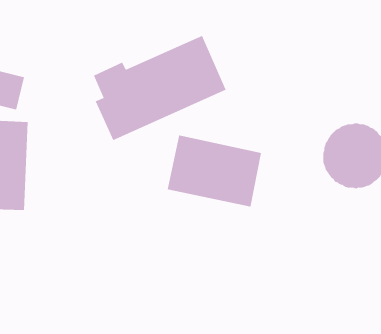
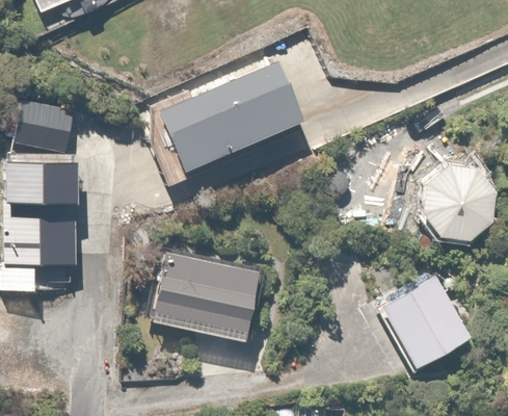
building: [167,135,262,207] -> [157,252,267,336]
building: none -> [368,270,473,379]

